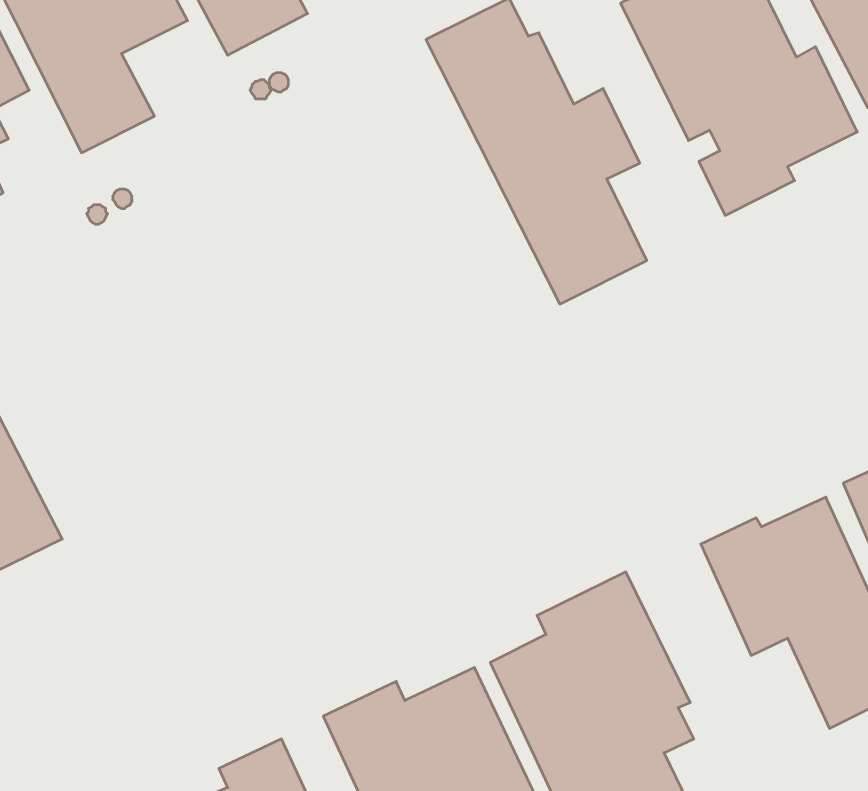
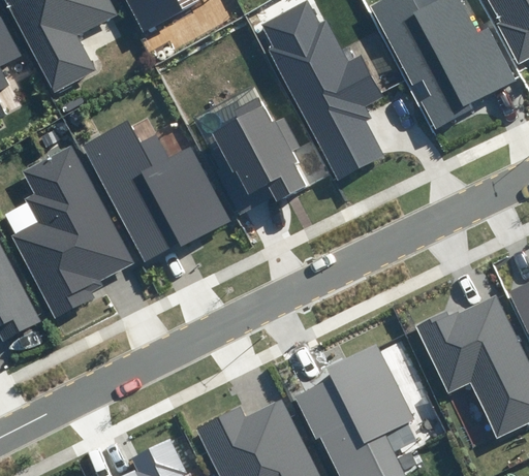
building: none -> [211,92,305,203]
building: none -> [80,120,229,264]
building: none -> [9,146,134,319]

